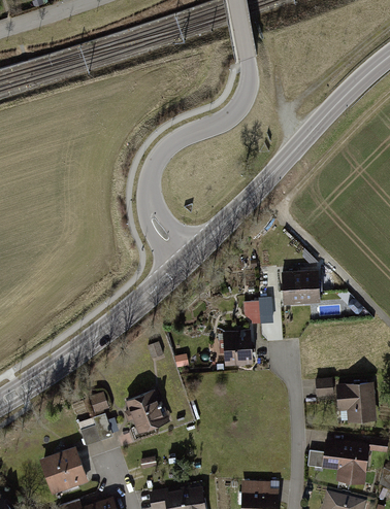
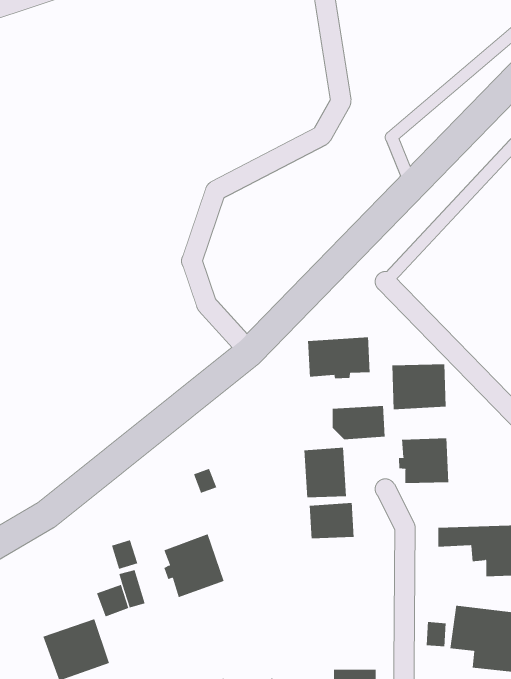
building: none -> [307,337,370,379]
building: none -> [399,438,449,484]
building: none -> [309,502,354,539]

